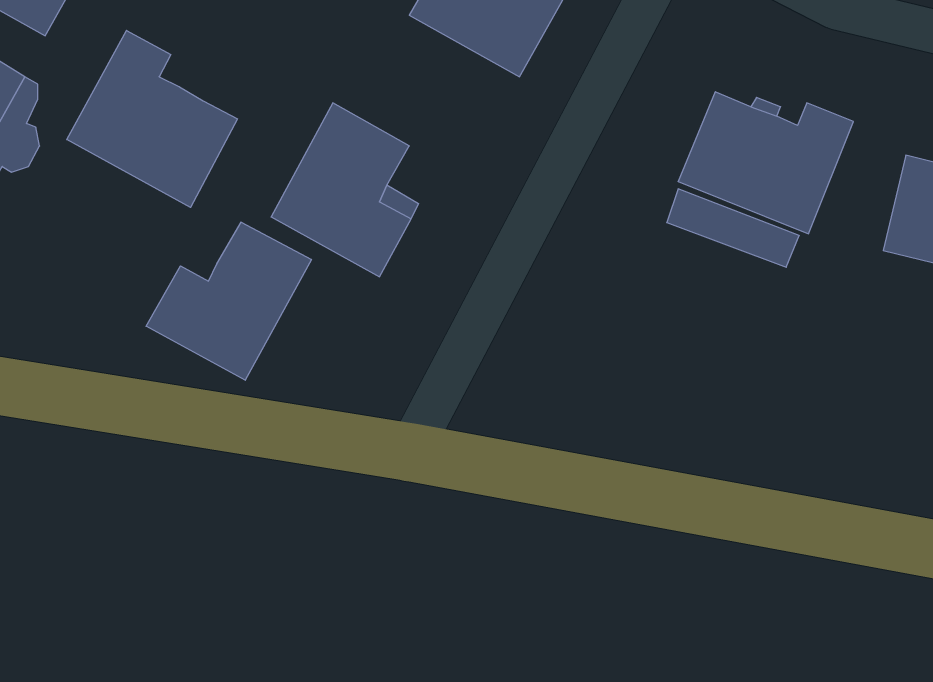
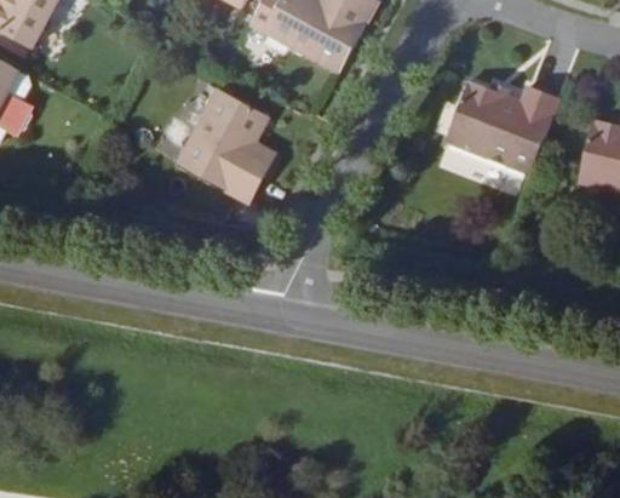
building: [67,30,237,207] -> none
building: [146,222,311,380] -> none

